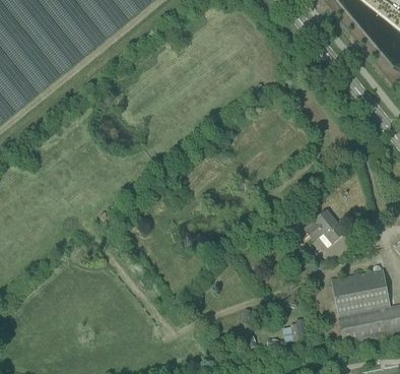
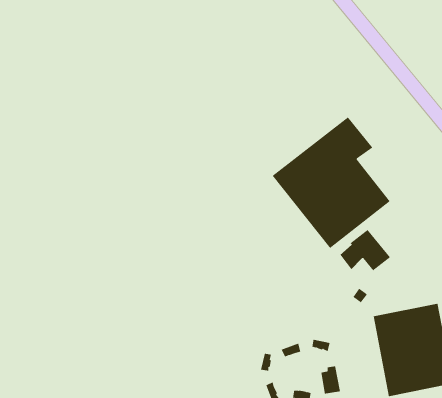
building: none -> [272,116,390,249]

